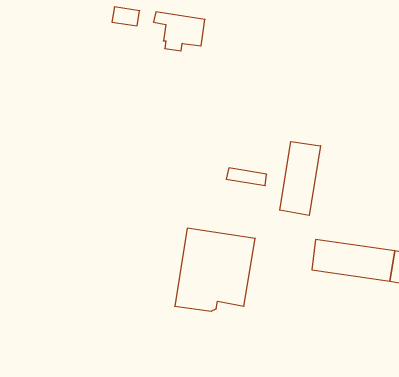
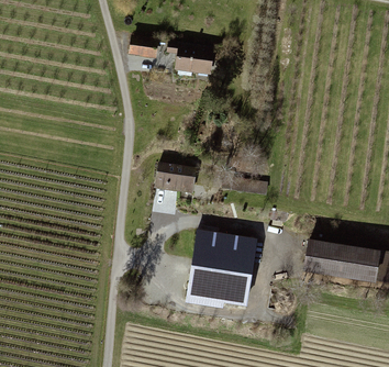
building: [280,142,321,215] -> none
building: none -> [155,164,196,192]

